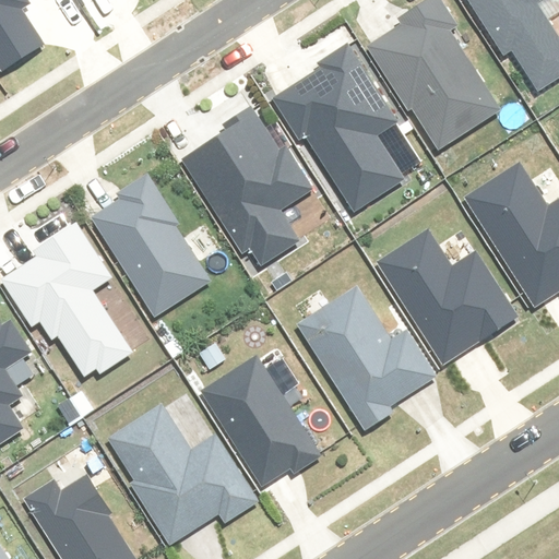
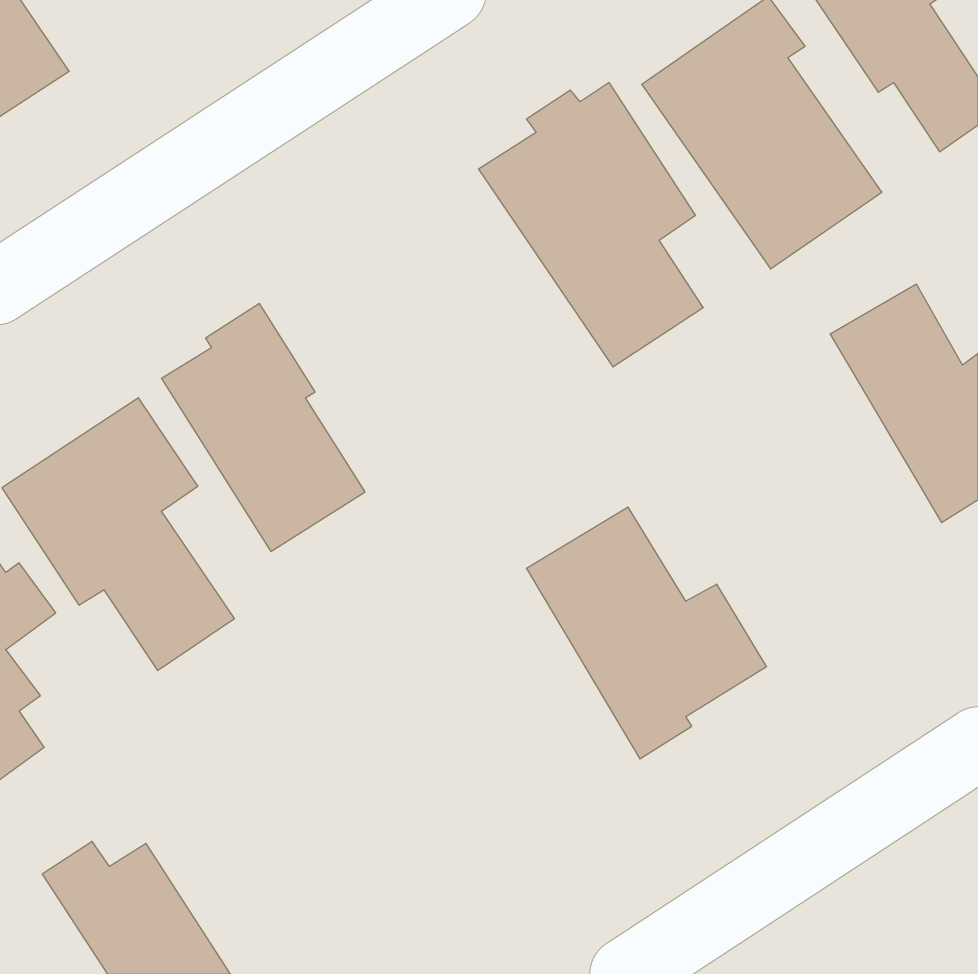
building: [175,99,321,271] -> none
building: [382,210,521,364] -> none
building: [201,356,321,489] -> none
building: [107,405,258,544] -> none

